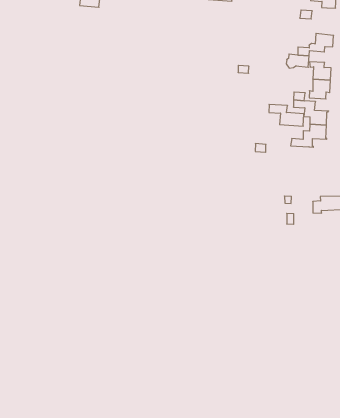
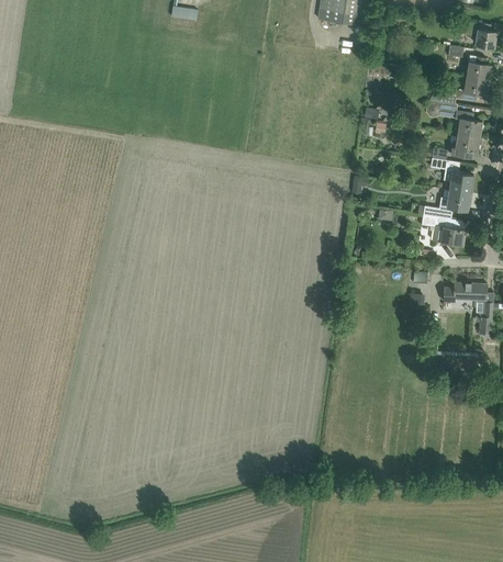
building: none -> [467,55,491,80]
building: [269,104,304,126] -> [422,214,466,245]

